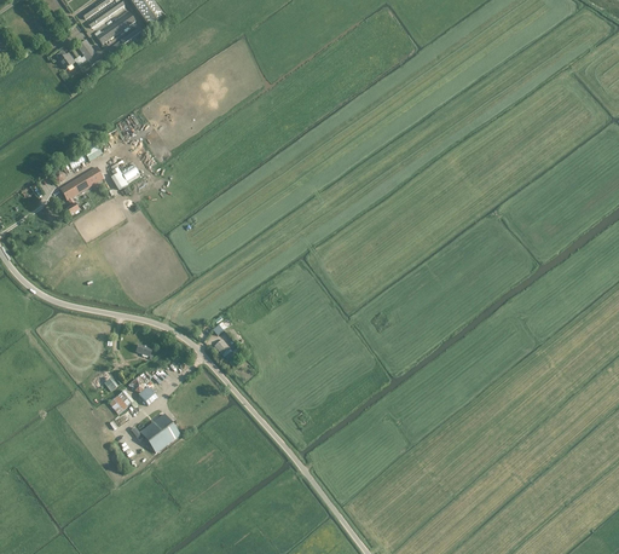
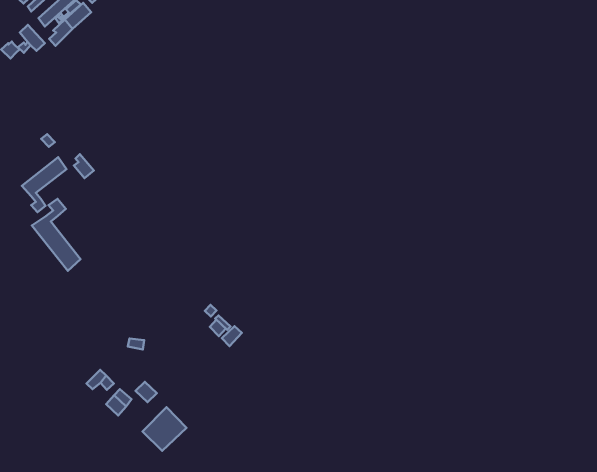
building: none -> [32,199,81,271]

